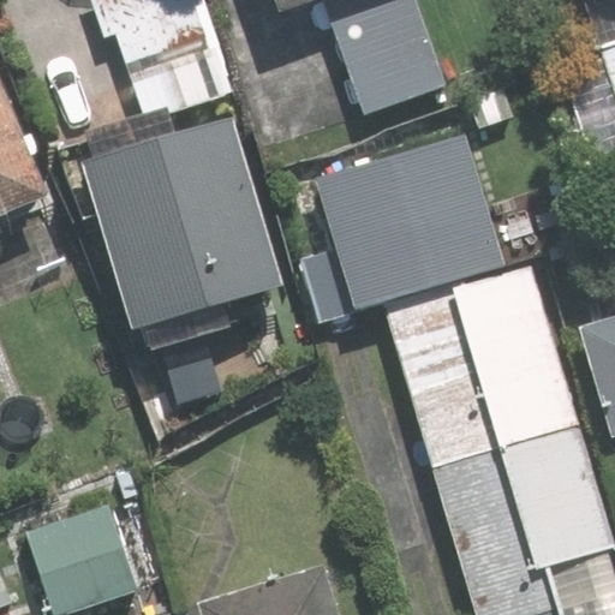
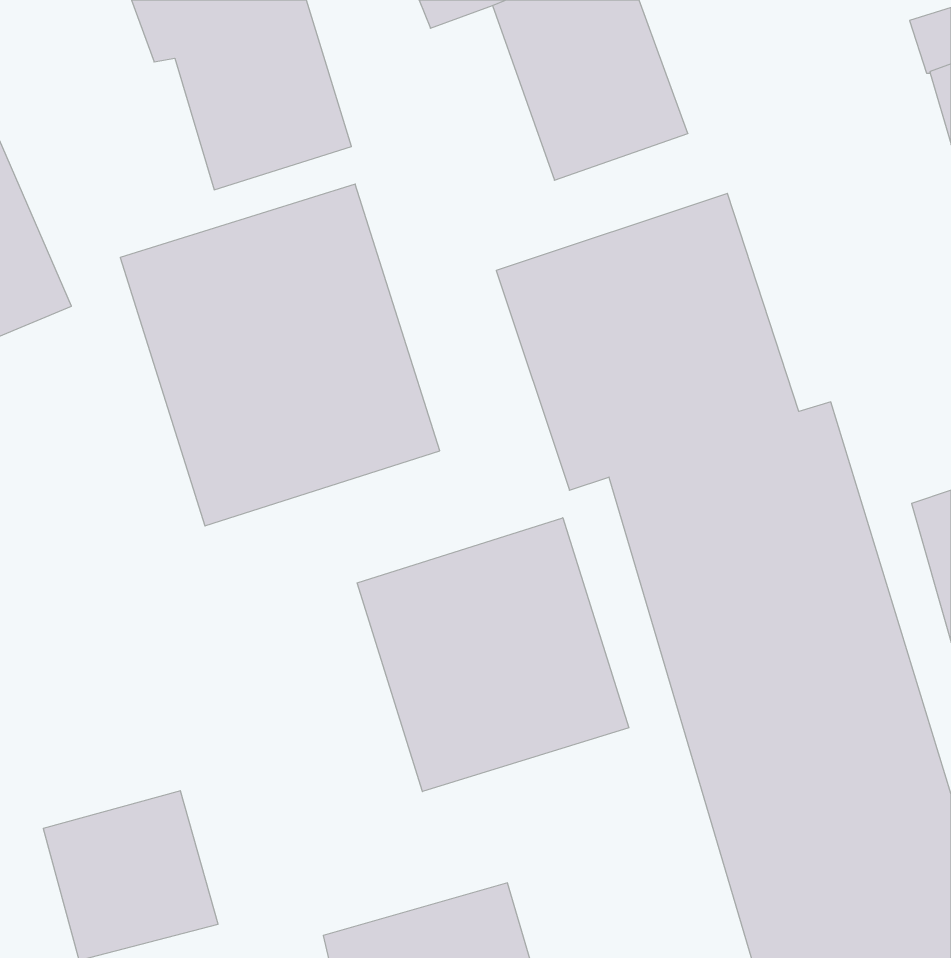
building: none -> [357,518,629,792]

